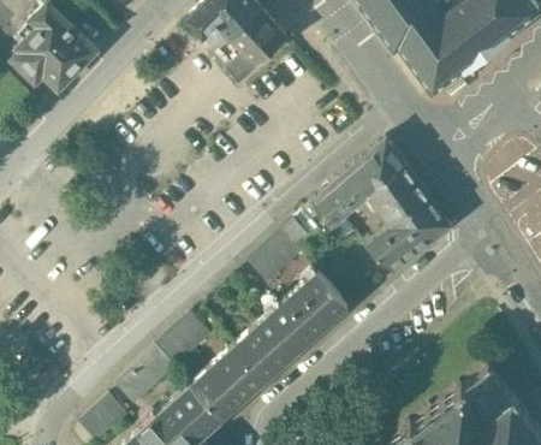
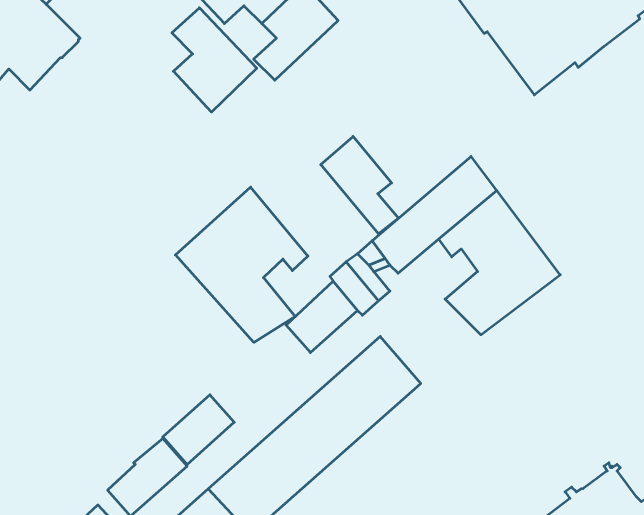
building: none -> [172,8,257,112]
building: none -> [321,136,399,234]
building: none -> [175,187,308,342]

